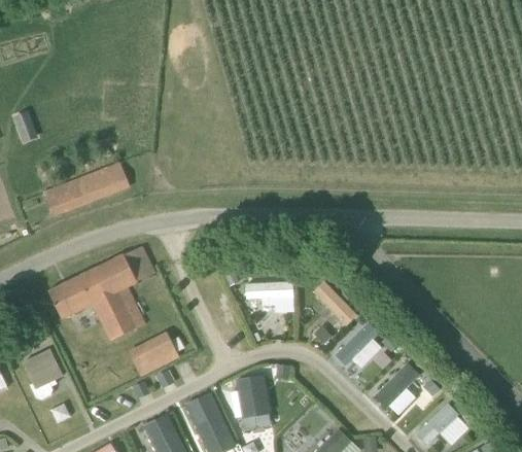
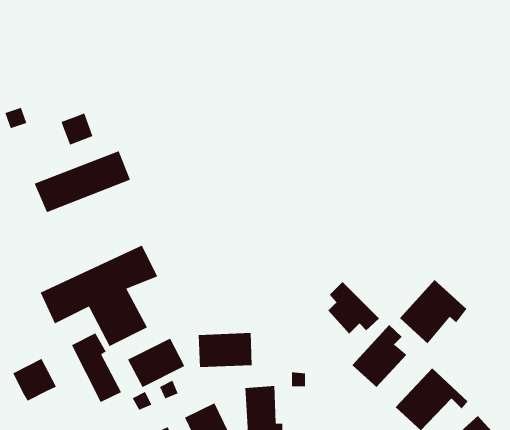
building: none -> [61,113,93,146]
building: none -> [399,279,467,344]
building: [244,280,293,312] -> [198,332,253,368]
building: none -> [71,333,122,403]

